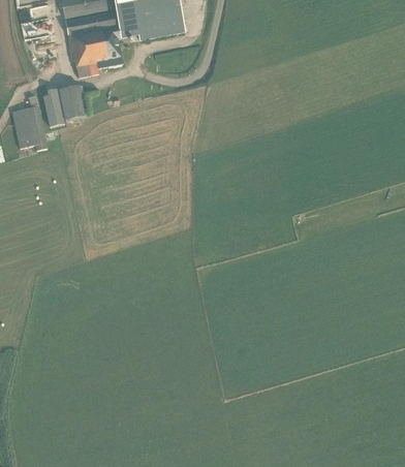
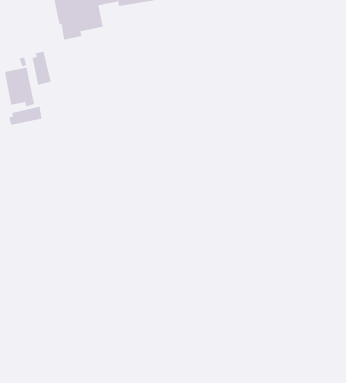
building: [58,84,85,119] -> none
building: none -> [9,106,42,125]

